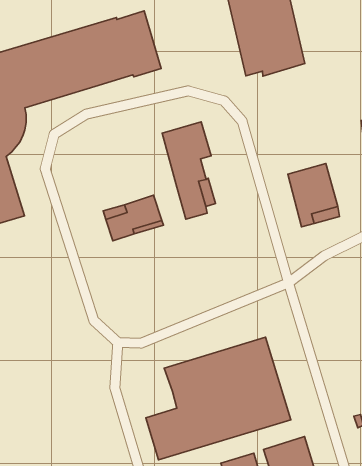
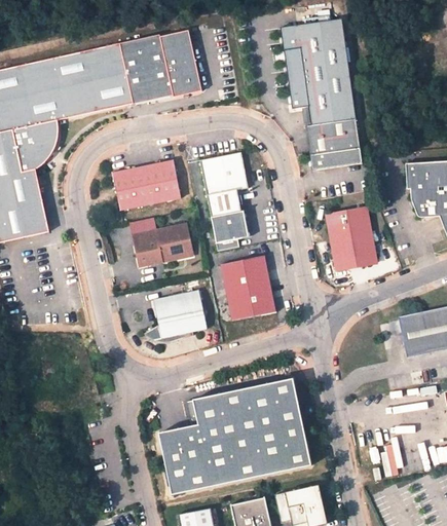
building: none -> [306,101,363,170]
building: none -> [111,158,181,209]
building: none -> [221,255,277,321]
building: none -> [144,289,208,342]
building: none -> [153,425,190,450]

